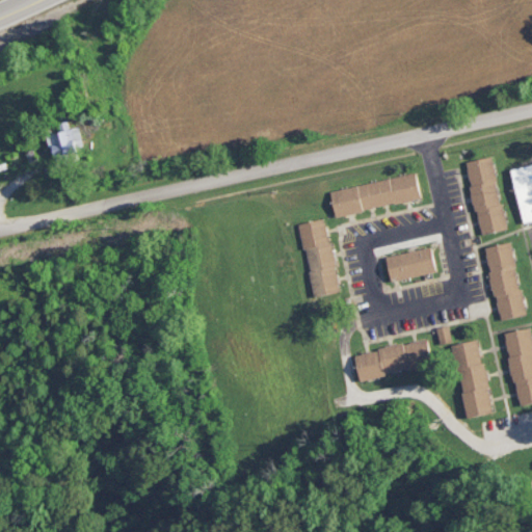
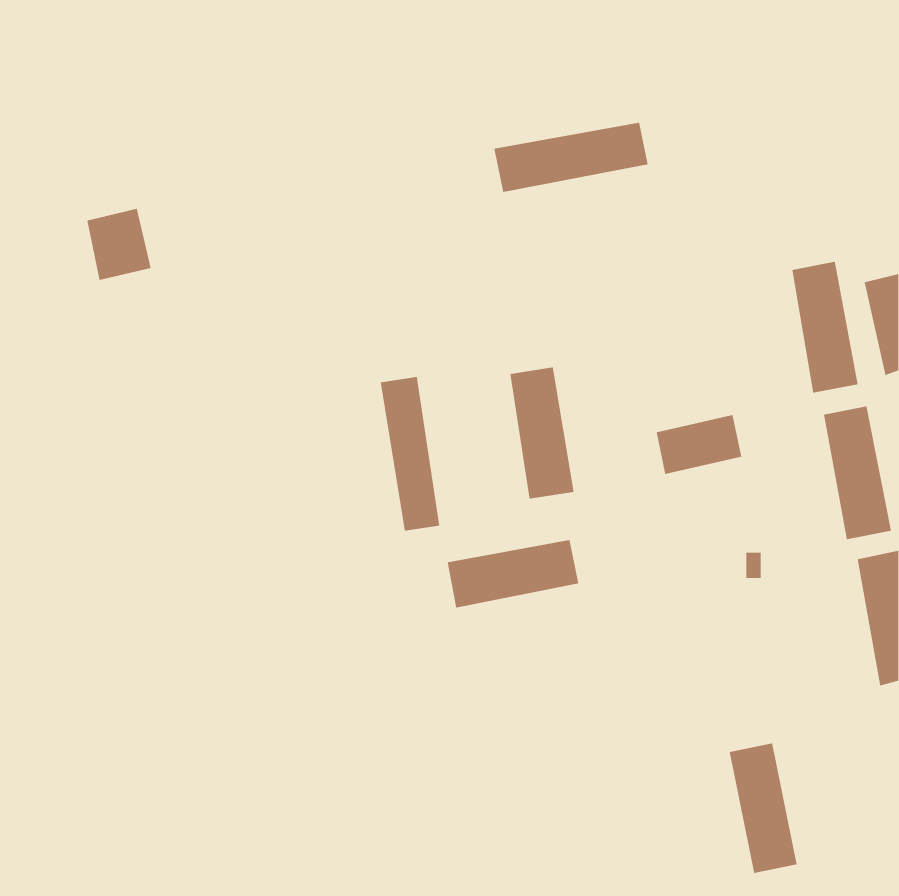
building: [330,175,422,216] -> [494,122,649,193]
building: none -> [380,376,440,531]
building: [355,340,433,380] -> [447,539,579,608]
building: [453,341,494,418] -> [729,743,797,873]

